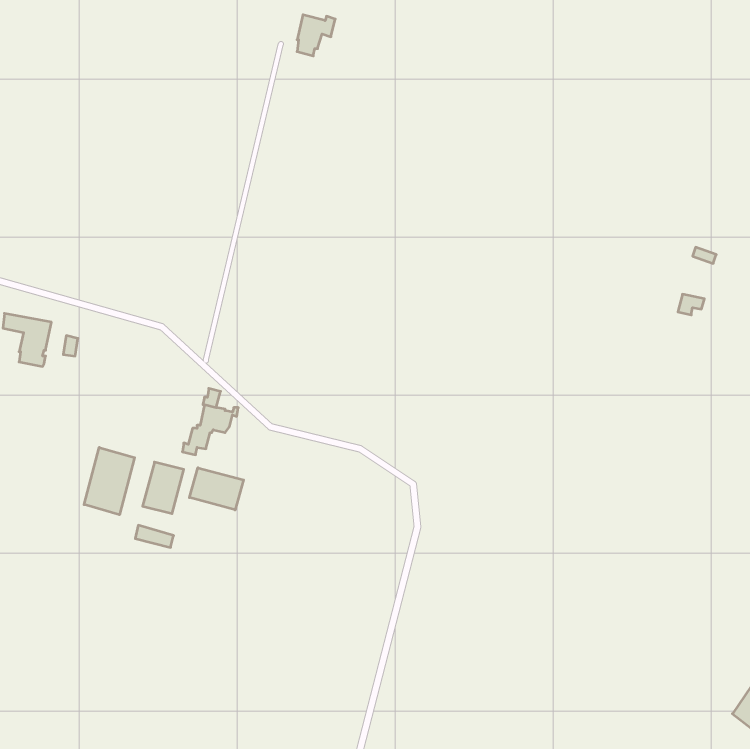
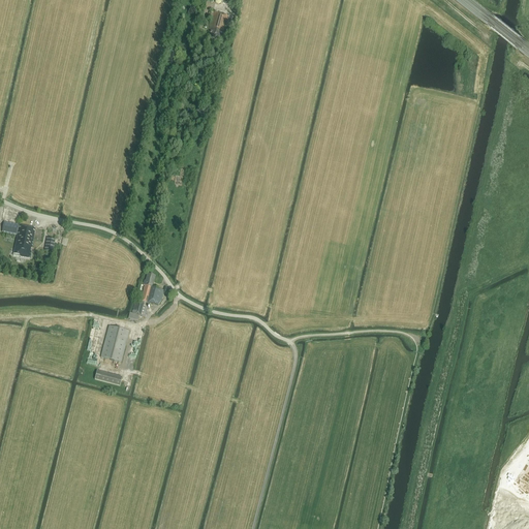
building: [84,447,135,515] -> none
building: [189,468,244,510] -> none

